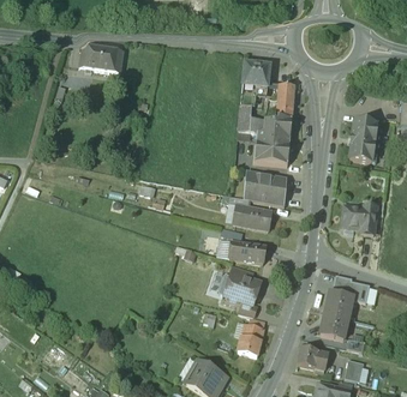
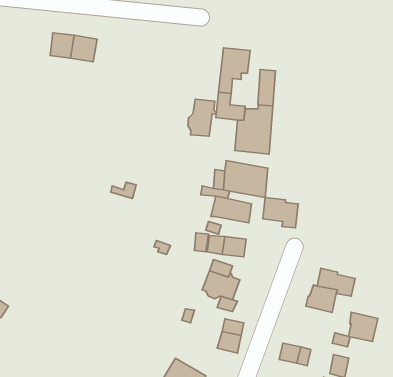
building: none -> [188,99,216,136]
building: [347,122,373,163] -> none
building: [340,206,373,235] -> [263,197,298,228]
building: [318,312,346,339] -> [349,312,378,341]

